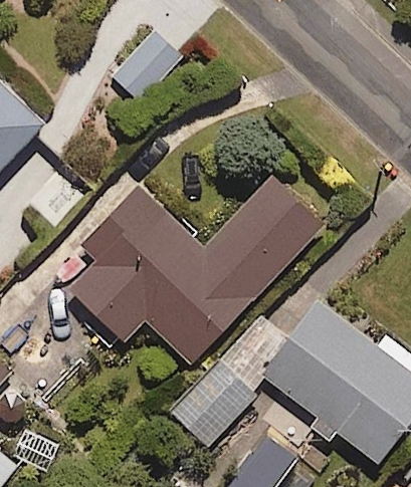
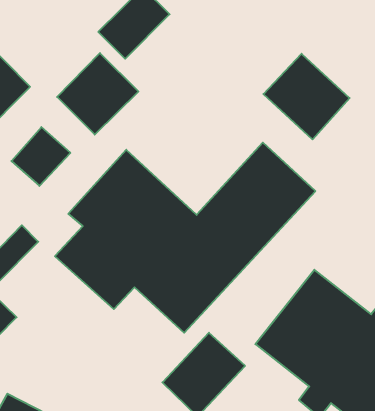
building: none -> [57,53,138,135]
building: none -> [263,54,350,139]

